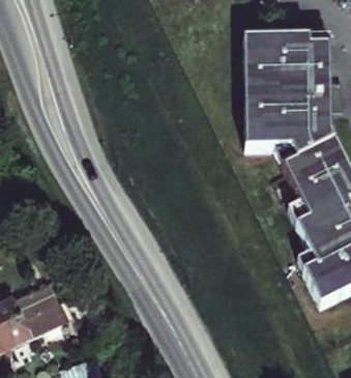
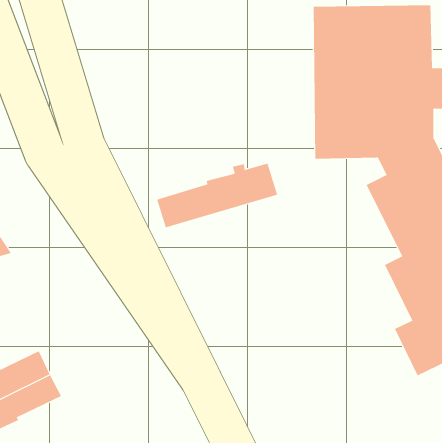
building: none -> [157,163,278,228]

